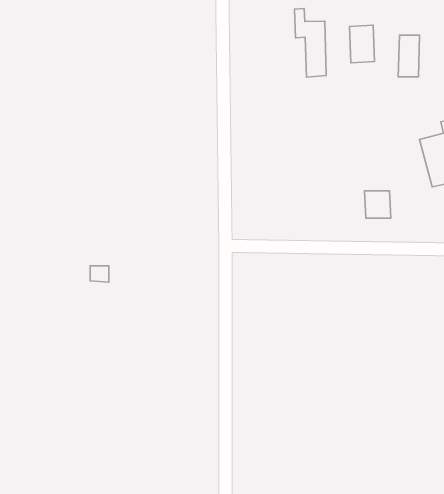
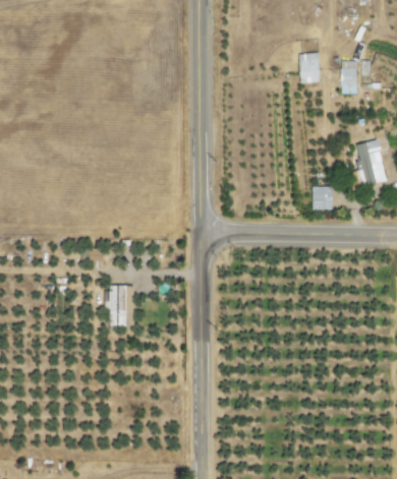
building: [295,9,326,77] -> none
building: none -> [108,286,134,326]

